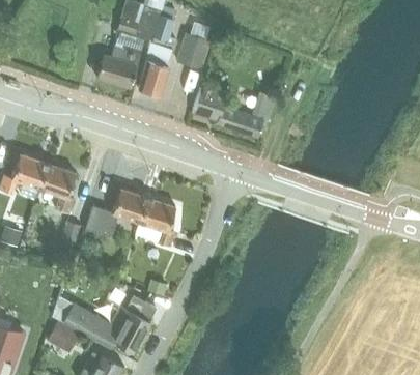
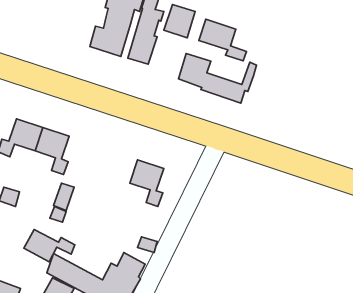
building: none -> [199,19,246,61]
building: [85,188,148,236] -> none
building: none -> [24,229,75,262]

